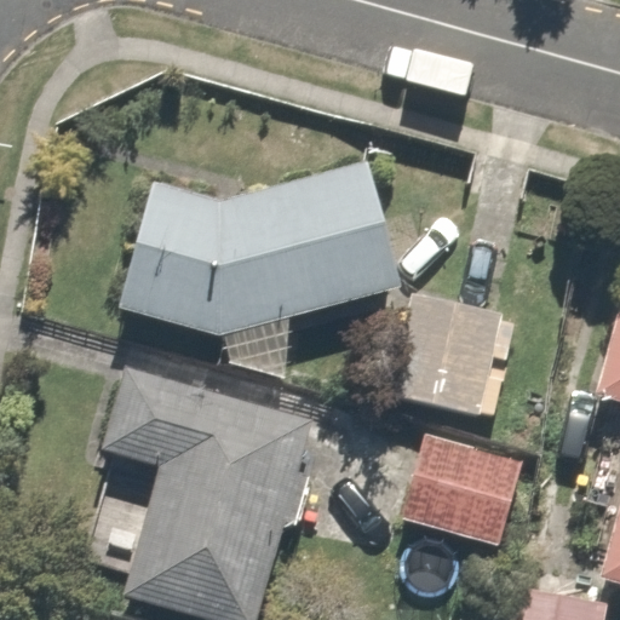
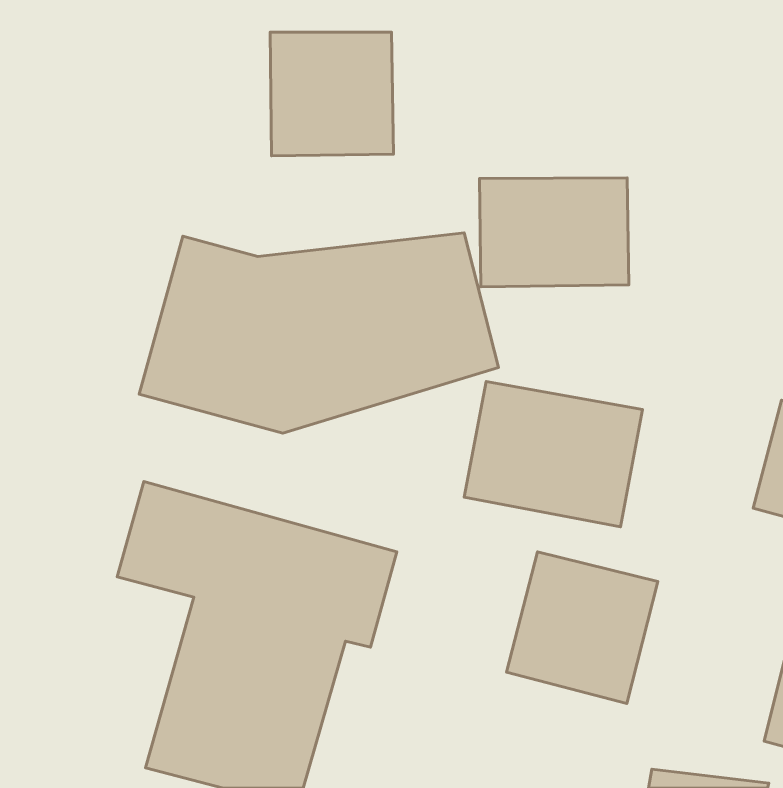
building: none -> [270,32,393,156]
building: none -> [479,178,629,287]

